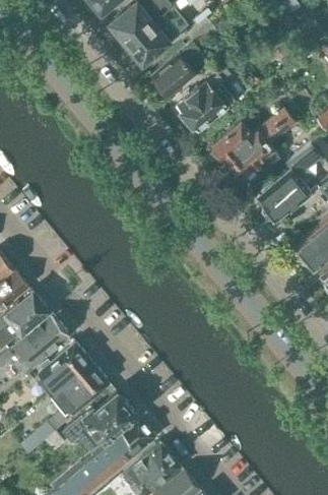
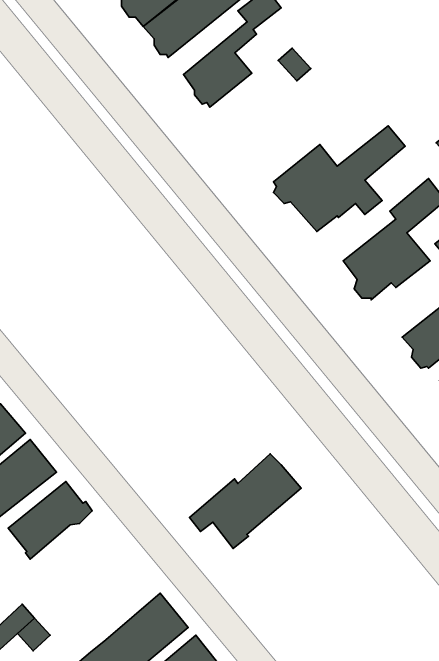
building: [177,73,235,130] -> none
building: [51,361,109,414] -> none
building: [62,391,135,453] -> [190,454,301,549]

